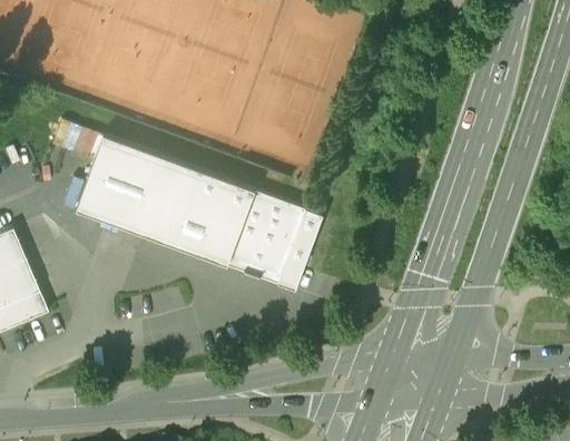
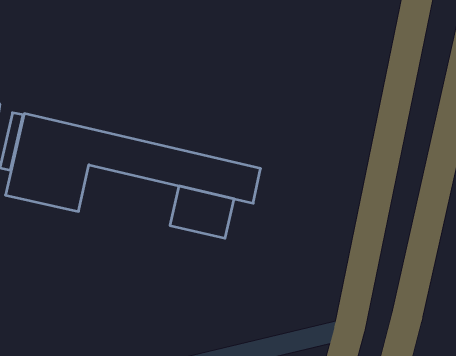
building: [142,193,242,267] -> none
building: [277,243,311,292] -> none

